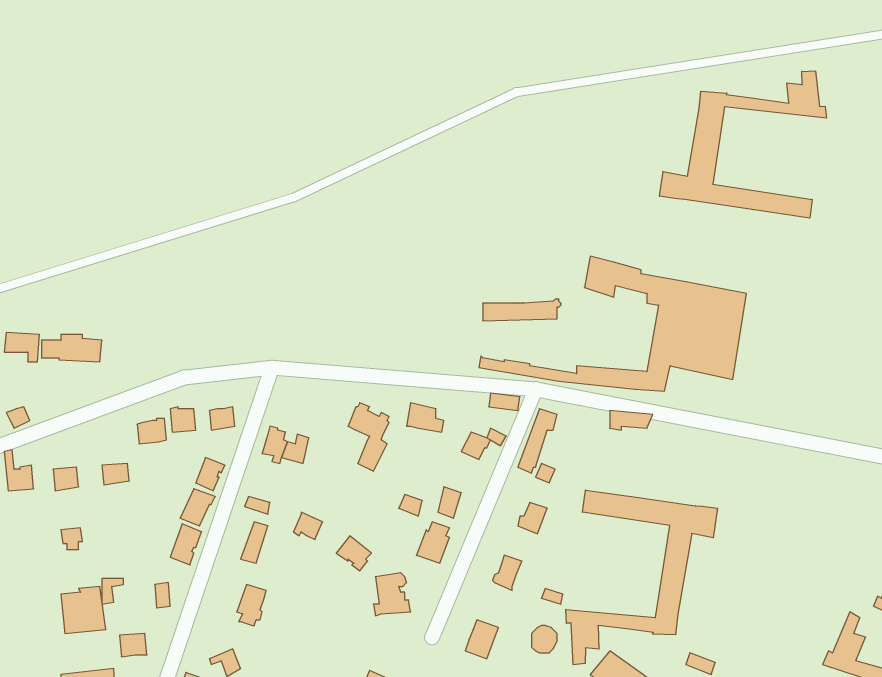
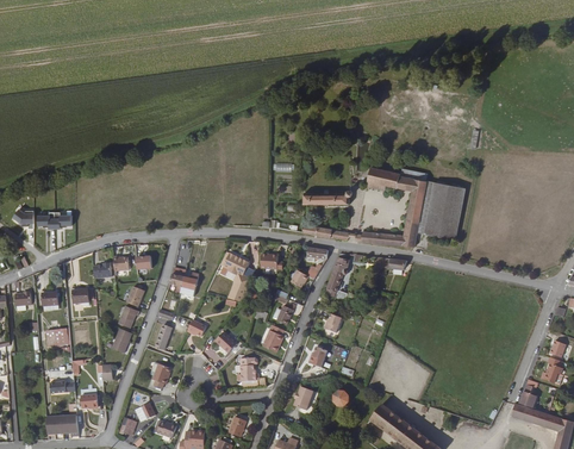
building: [660,71,826,218] -> none
building: [566,490,717,665] -> none

